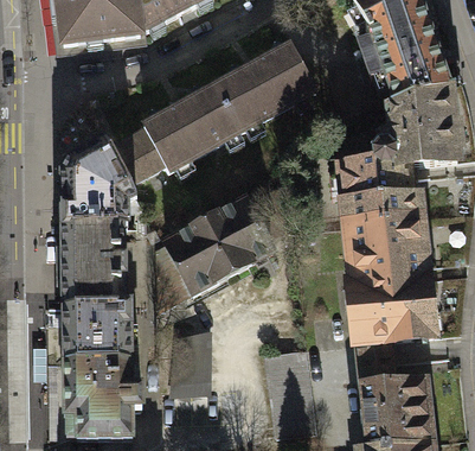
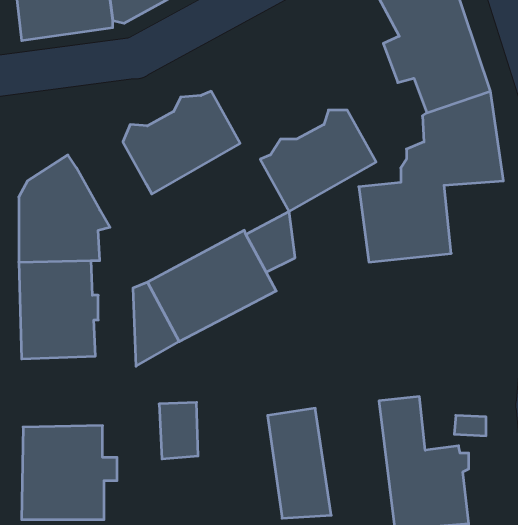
building: [218,45,313,128] -> [260,110,376,211]
building: [108,127,165,183] -> none
building: [347,218,434,339] -> none
building: [63,303,129,361] -> none

